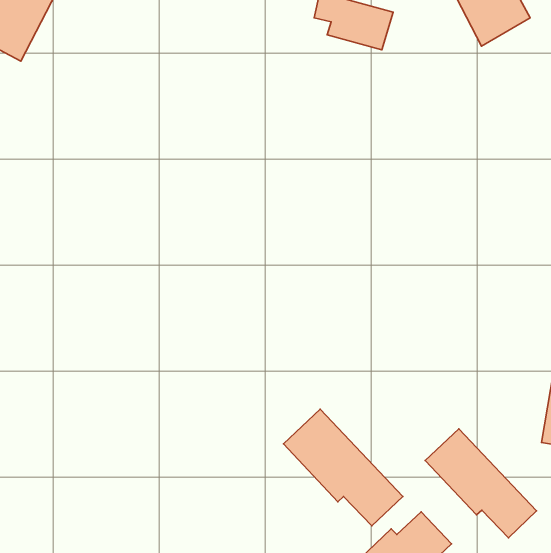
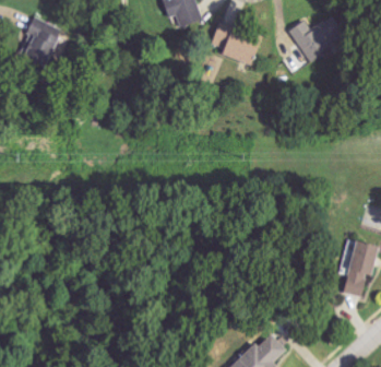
building: [284,409,403,526] -> none
building: [425,429,536,538] -> none

